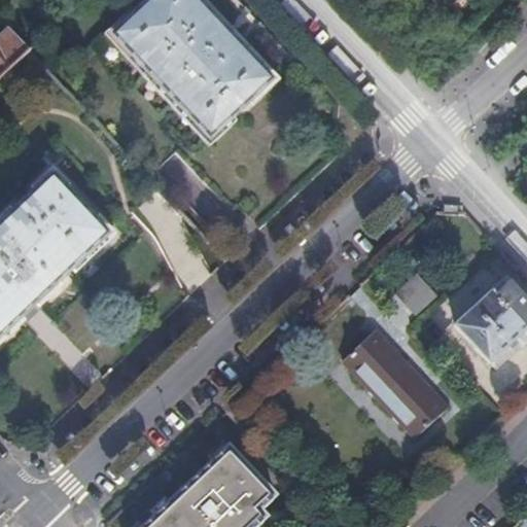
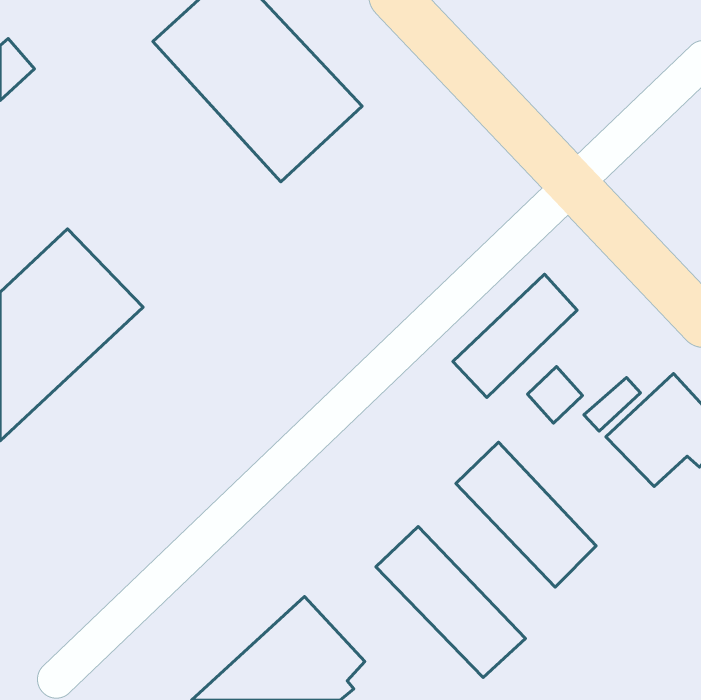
building: none -> [453,274,577,397]
building: none -> [376,527,525,677]

